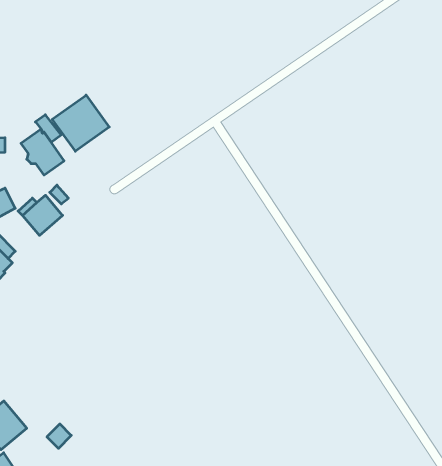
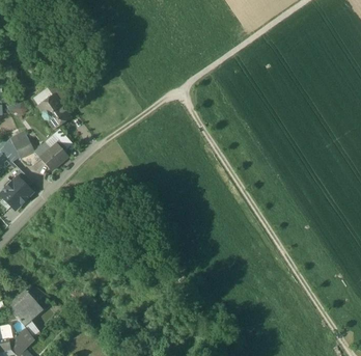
building: [52,95,109,151] -> none

